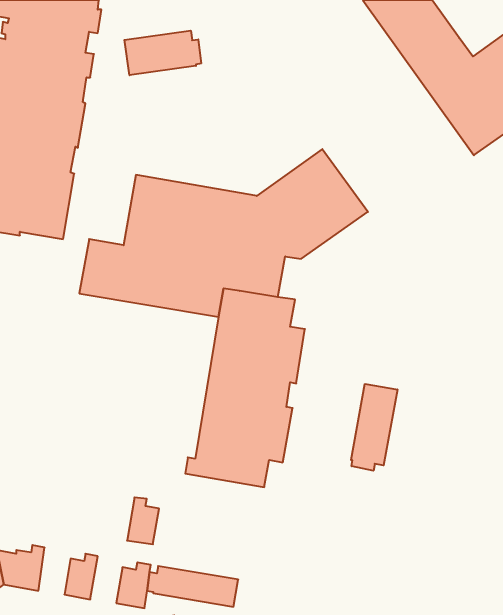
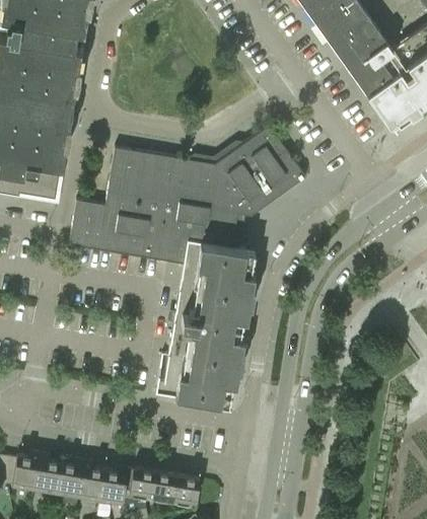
building: [124,31,201,75] -> none
building: [351,384,397,471] -> none
building: [127,497,159,544] -> [79,460,105,499]
building: none -> [37,453,63,492]

